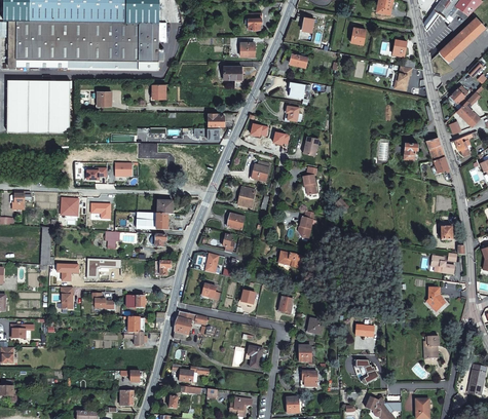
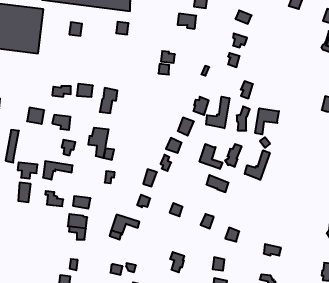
building: none -> [206,97,229,128]
building: none -> [255,108,279,134]
building: [156,199,174,228] -> [100,88,117,113]
building: none -> [245,150,270,180]
building: none -> [200,144,222,169]

